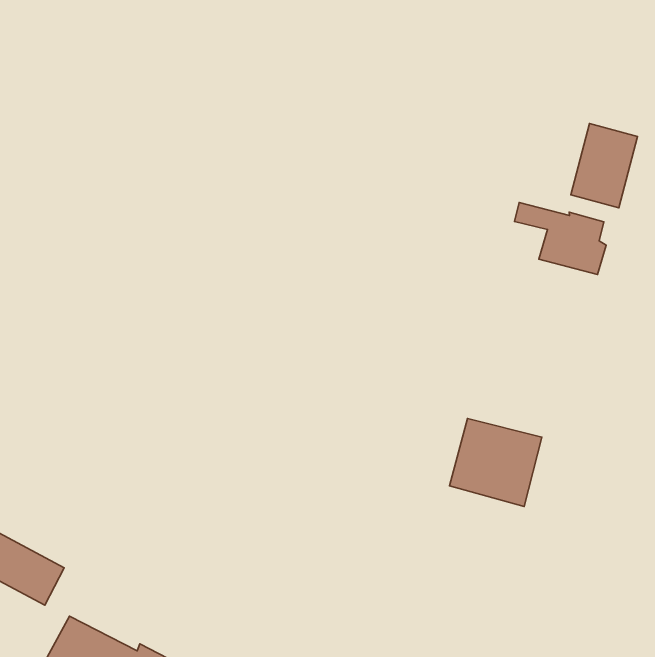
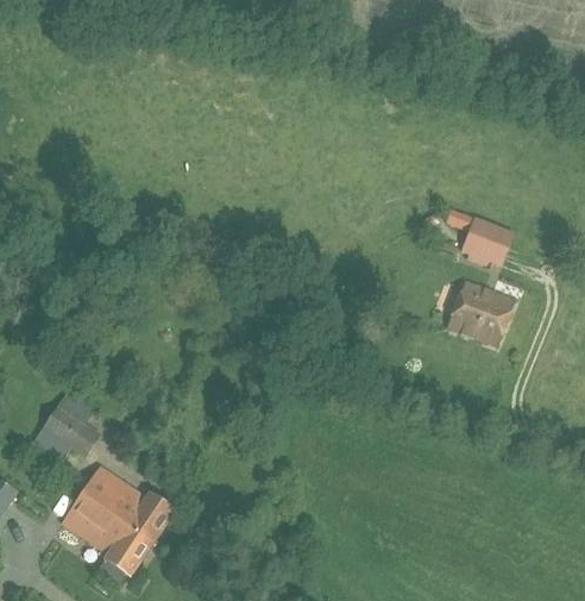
building: [571,124,638,208] -> none
building: [450,418,542,506] -> [445,280,514,346]

